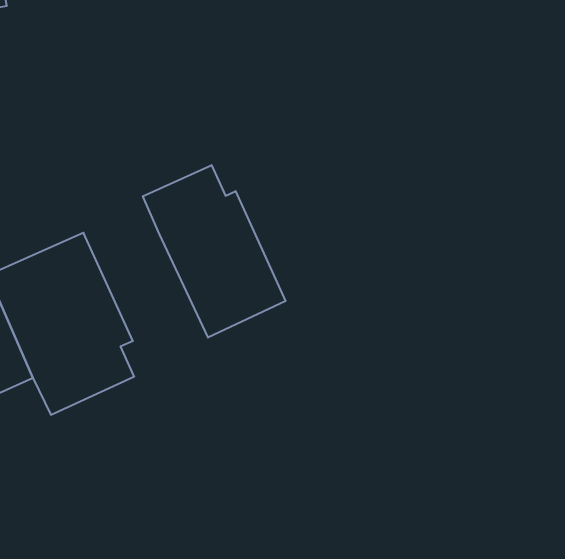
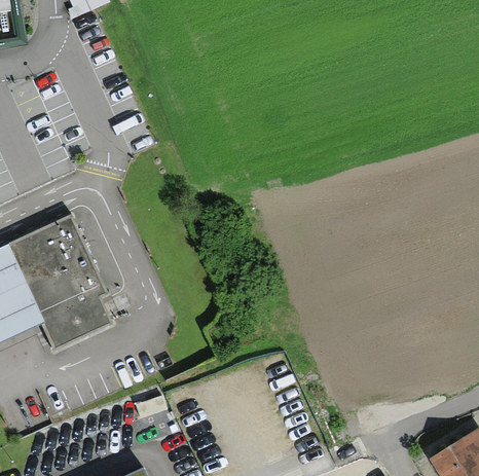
building: [143,165,286,338] -> none

